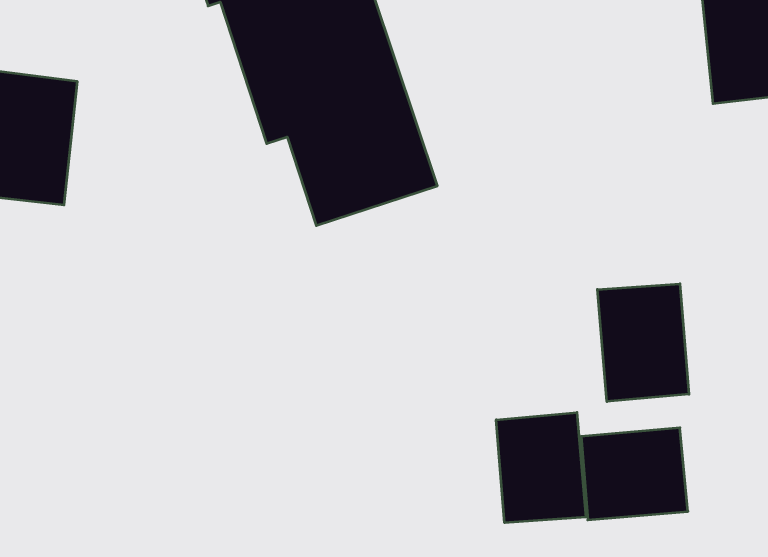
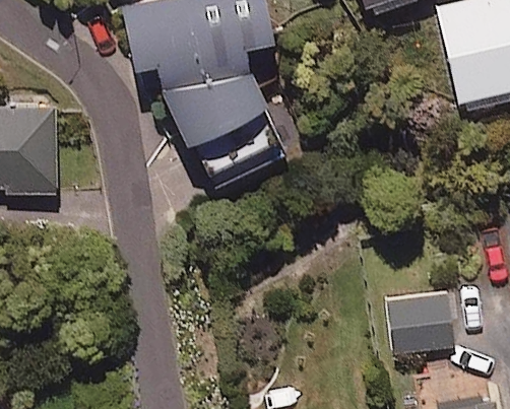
building: [597,284,689,402] -> none
building: [496,412,586,523] -> none

